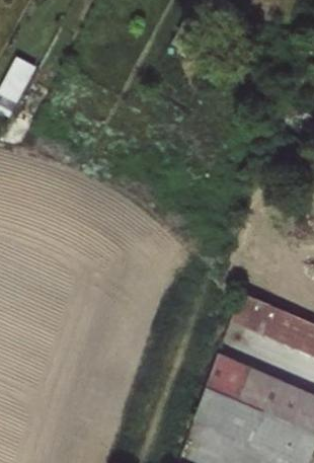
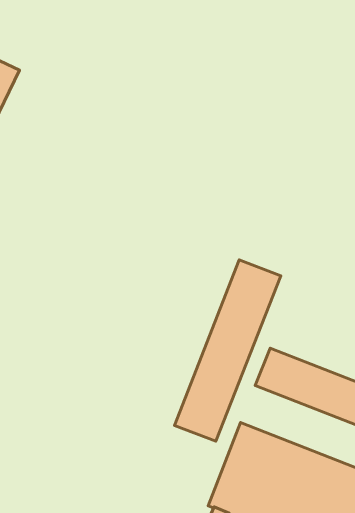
building: none -> [174,260,281,441]

